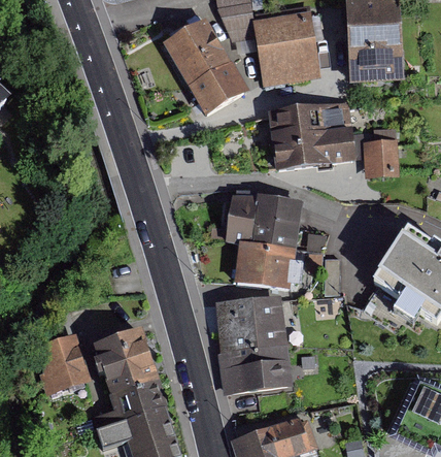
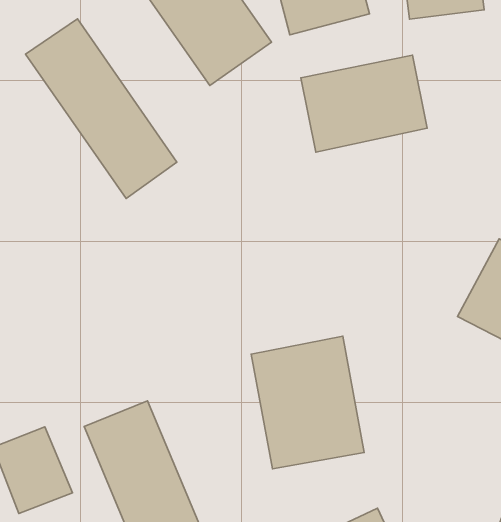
building: none -> [26,19,177,198]
building: [363,138,400,177] -> none
building: [225,189,306,286] -> none

